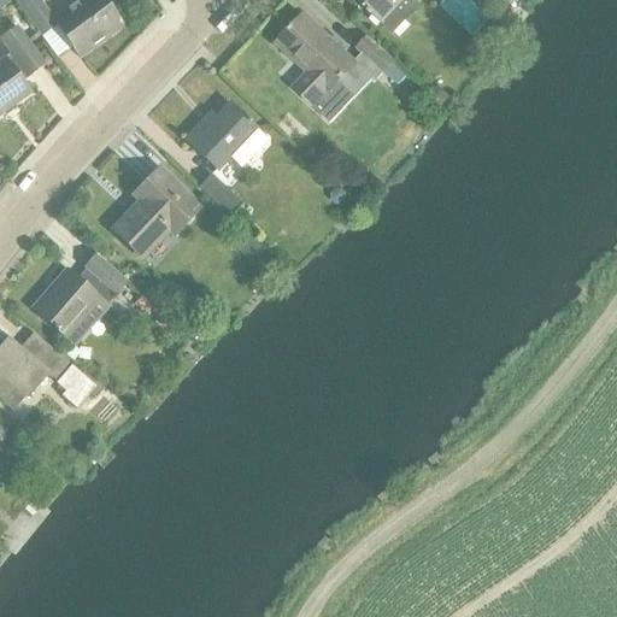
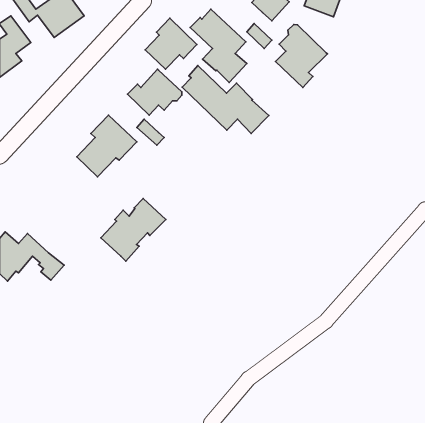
building: none -> [145,18,197,69]
building: none -> [276,25,327,87]
building: none -> [182,66,269,133]
building: [34,251,128,341] -> [101,199,166,261]

